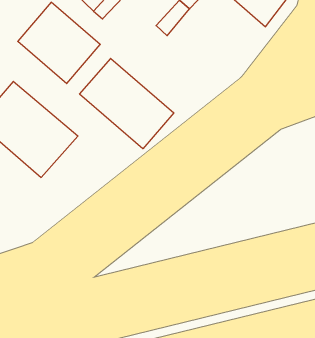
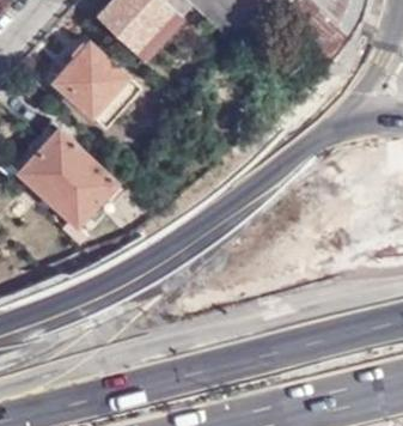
building: [80,58,174,149] -> none

